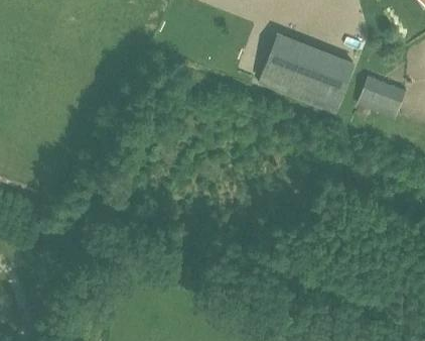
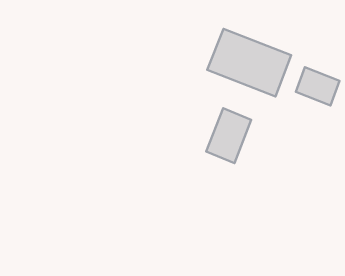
building: none -> [206,108,251,163]

